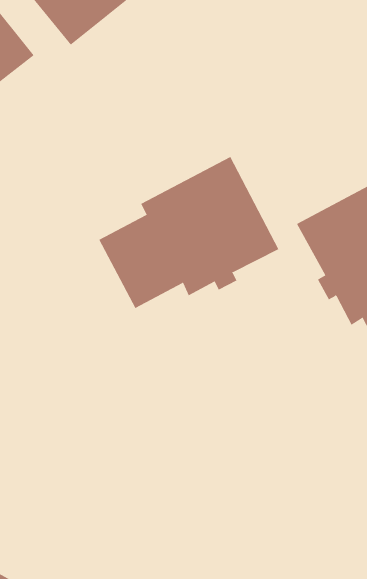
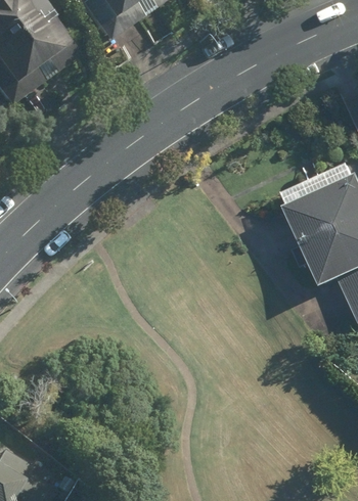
building: [98,156,279,309] -> none

